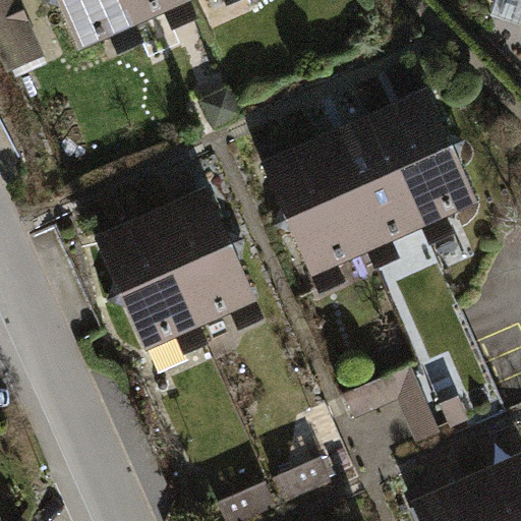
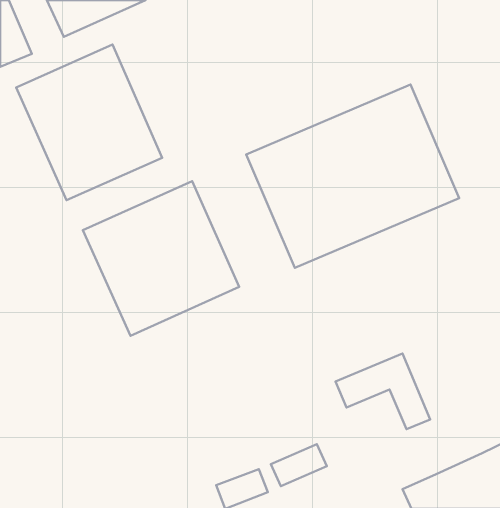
building: none -> [16,45,162,200]

